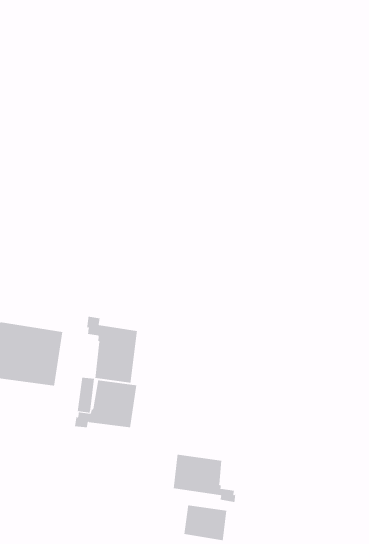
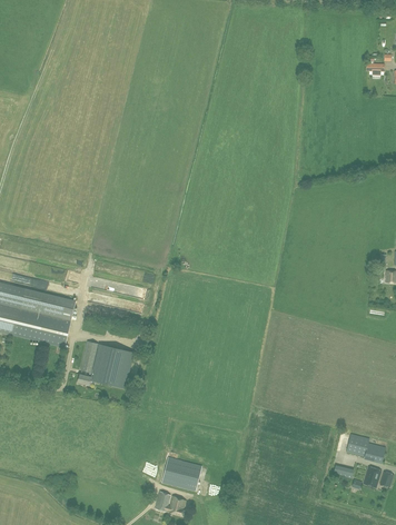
building: [87,316,138,384] -> none
building: [173,454,236,503] -> none

